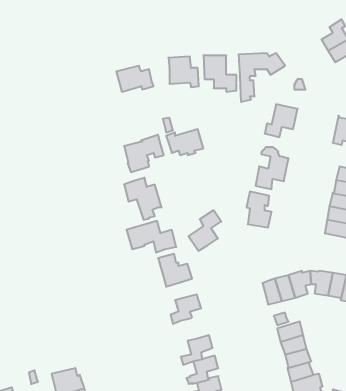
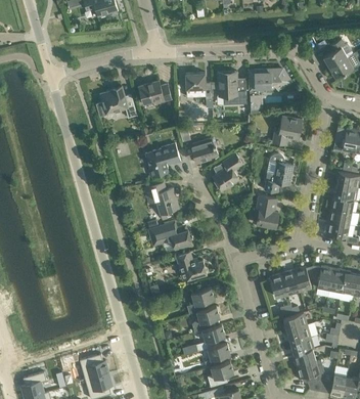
building: none -> [94,87,137,118]
building: [188,210,221,251] -> [213,153,242,190]
building: none -> [192,306,220,331]

